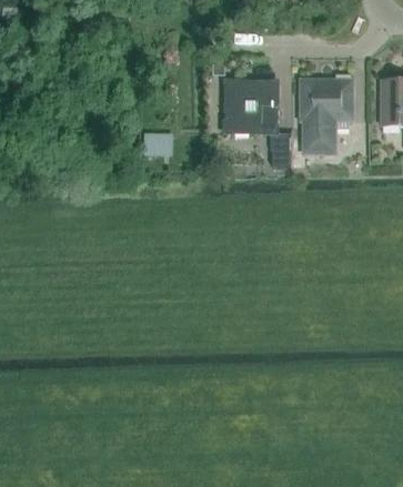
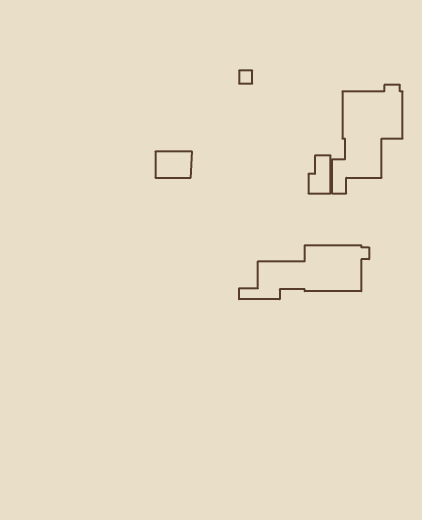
building: [224,79,279,133] -> none
building: none -> [239,245,369,299]

